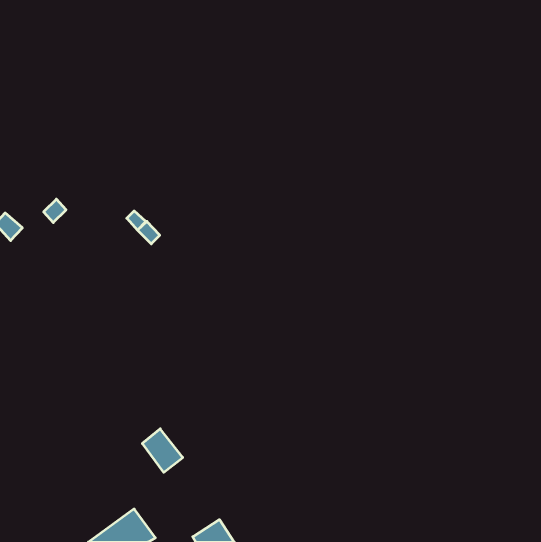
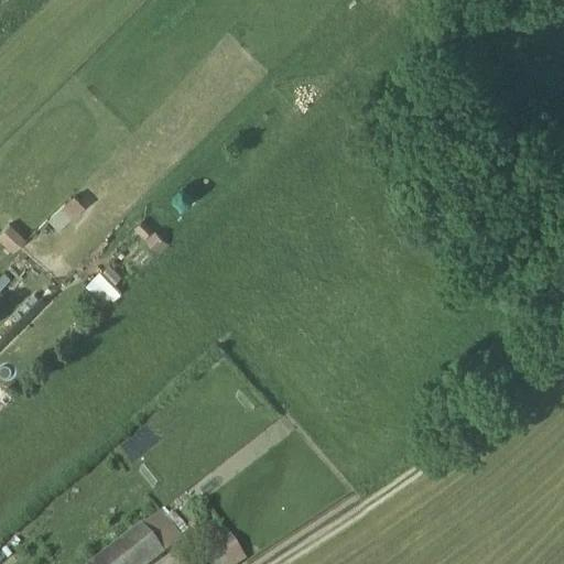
building: [142,429,183,472] -> [139,511,181,556]

